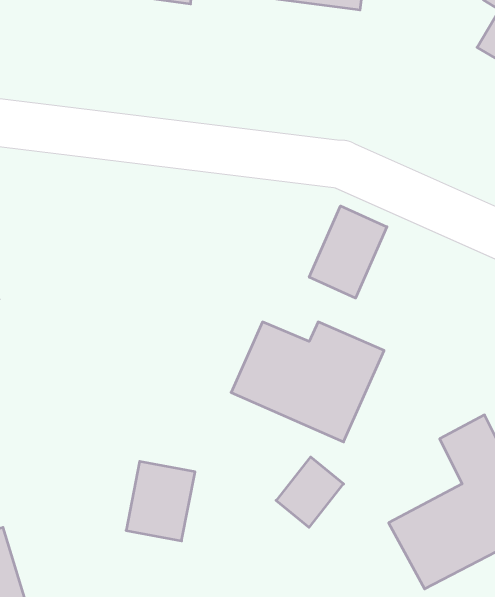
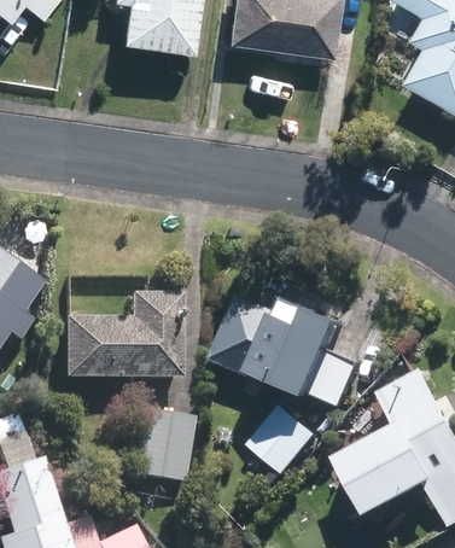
building: [309,206,387,298] -> none
building: none -> [71,299,179,377]

